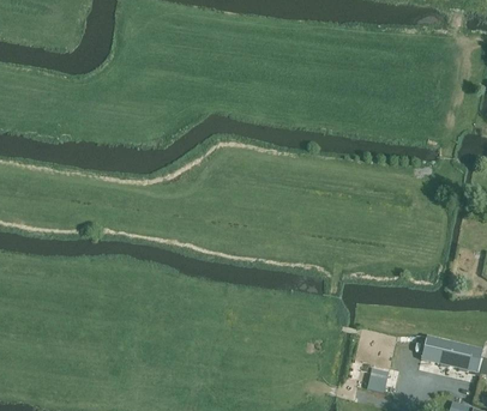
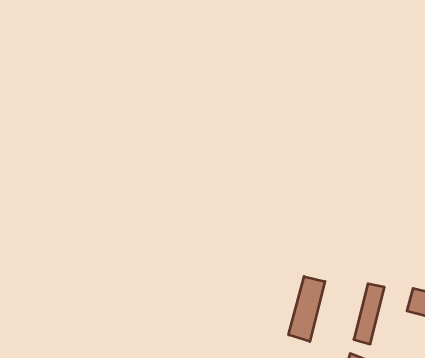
building: none -> [289,276,325,342]

